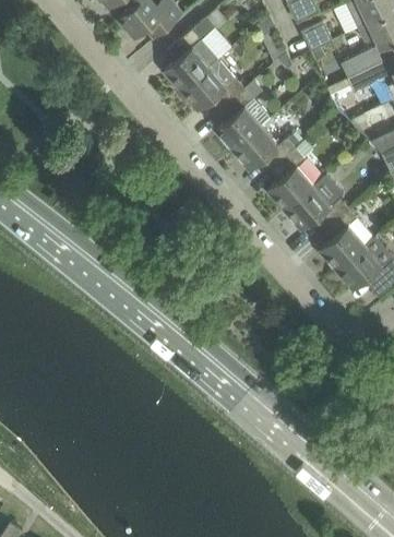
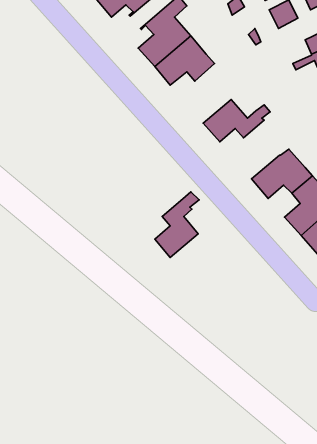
building: [215,87,271,151] -> none
building: [267,140,314,210] -> [155,192,199,258]

